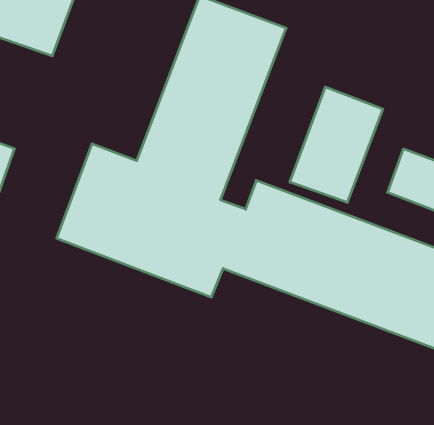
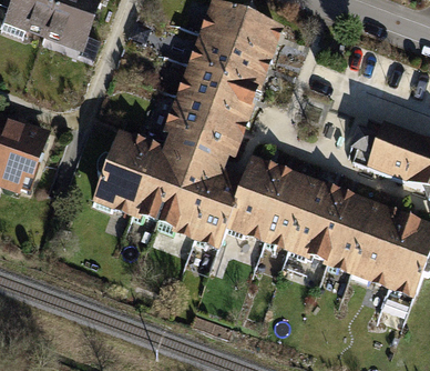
building: [290,87,383,203] -> none

